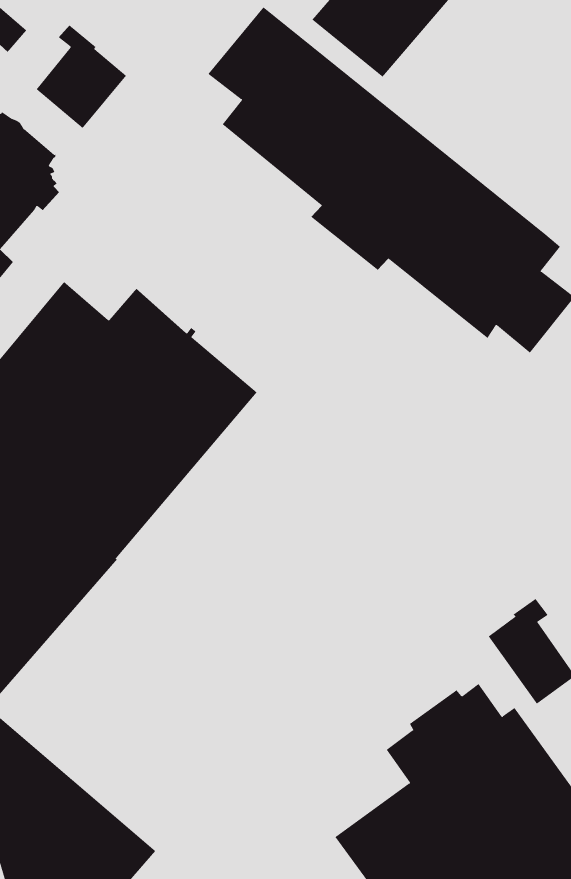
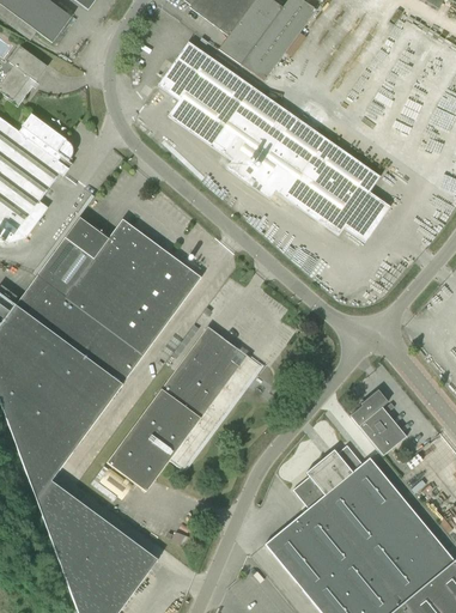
building: [36,25,127,129] -> none
building: none -> [99,326,261,498]

